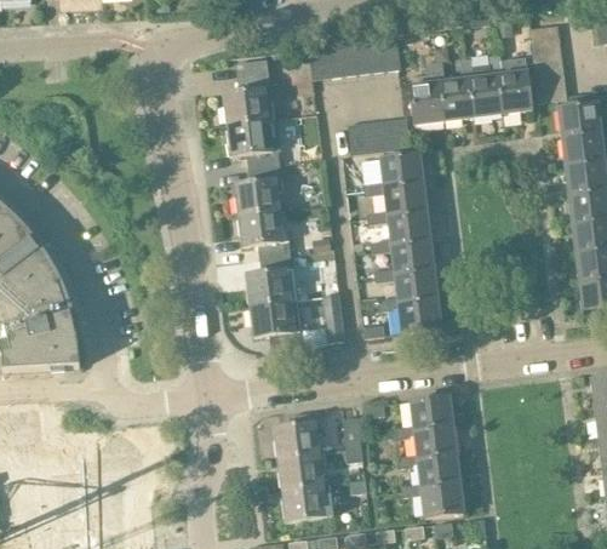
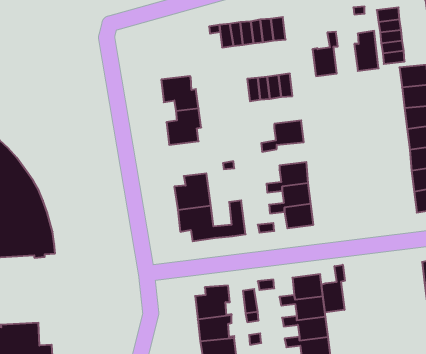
building: [468,53,503,115] -> none
building: [224,58,275,124] -> none
building: [411,61,446,122] -> none
building: [363,154,423,195] -> none
building: [239,210,291,258] -> none
building: [371,211,430,252] -> none
building: none -> [322,265,345,313]

